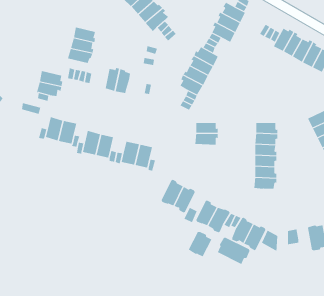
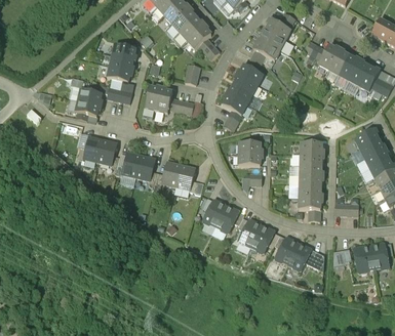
building: [188,231,212,257] -> none
building: [217,237,250,265] -> none

